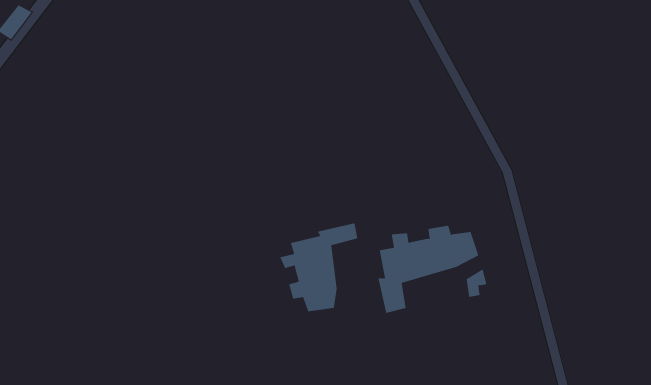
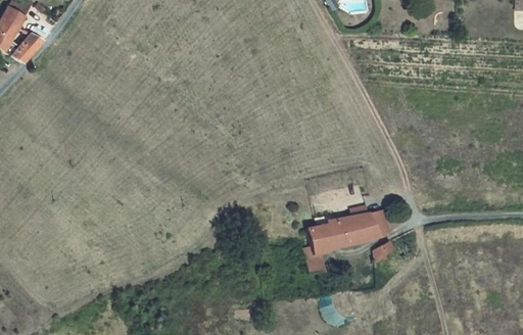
building: [279,223,358,312] -> none

